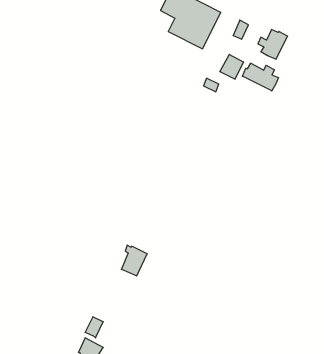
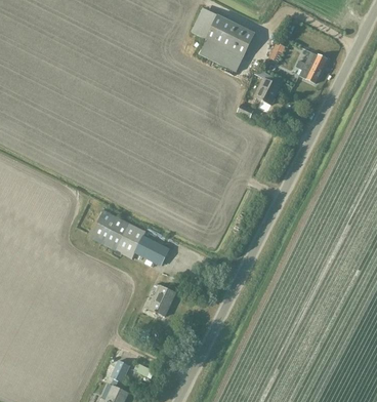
building: [242,63,278,91] -> none
building: none -> [90,209,170,266]

